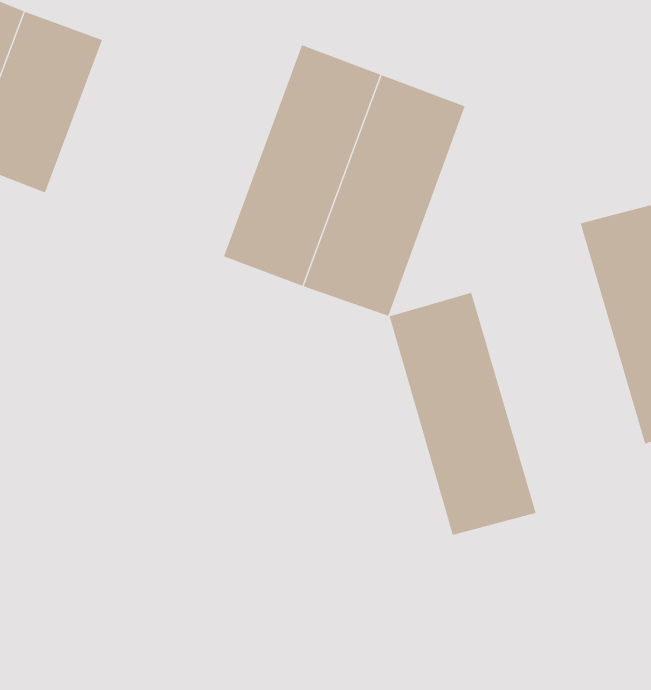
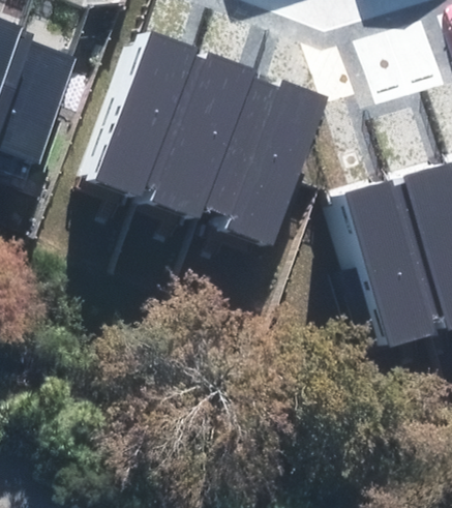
building: none -> [98,35,208,202]
building: [389,292,536,536] -> [342,179,444,347]

